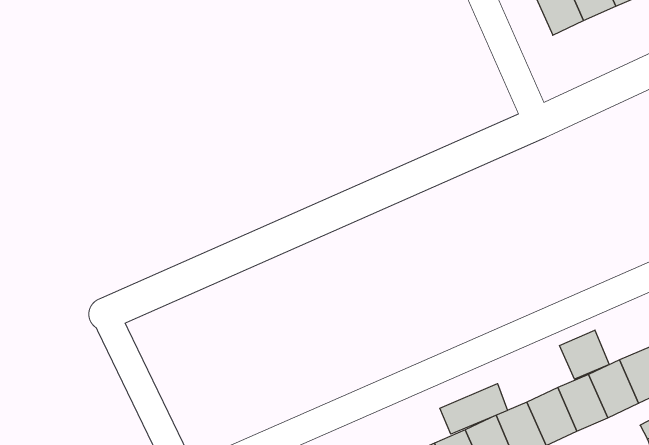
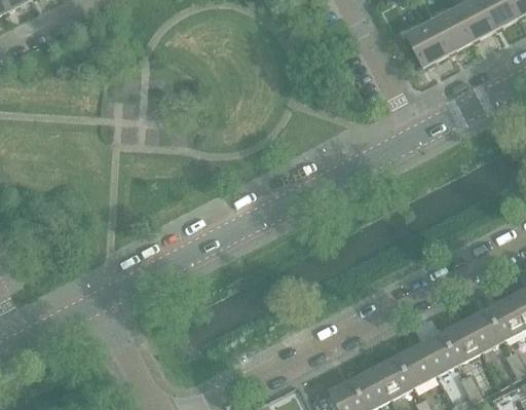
building: [560,330,609,379] -> none
building: [440,384,507,434] -> none

